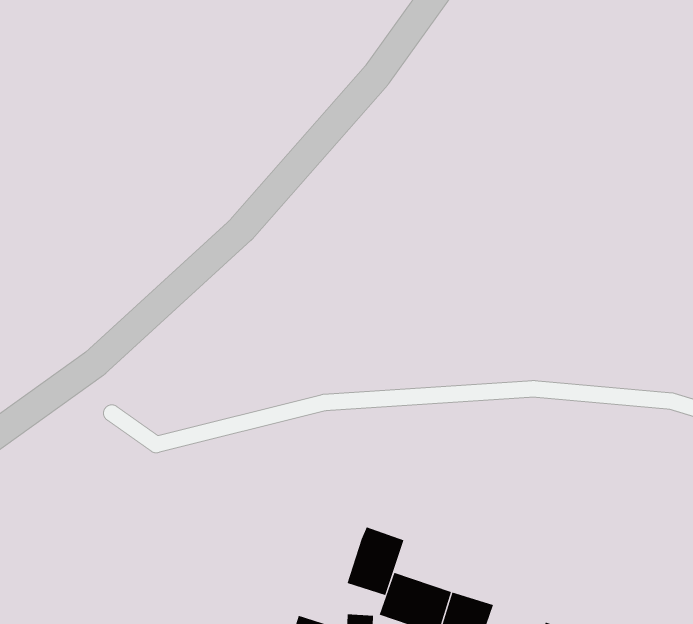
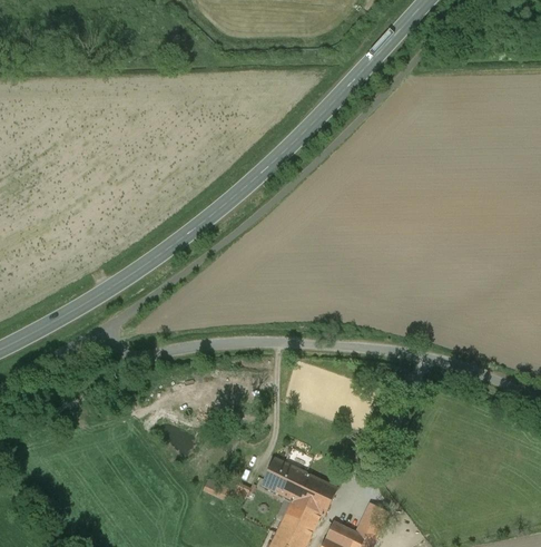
building: [347,526,404,596] -> none

